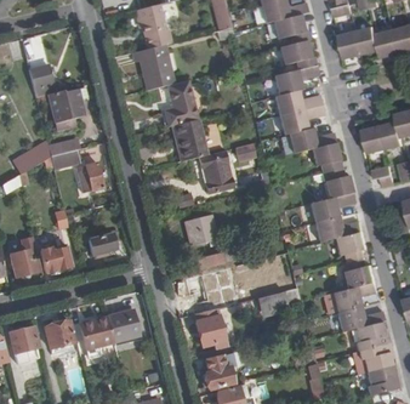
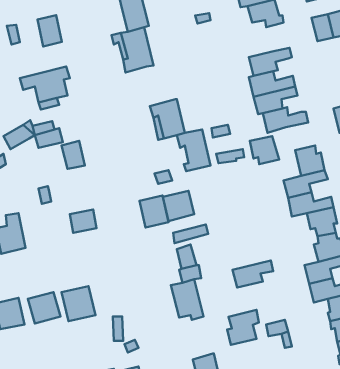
building: [280,39,317,68] -> none
building: [29,63,55,96] -> [37,15,62,46]
building: [164,79,198,125] -> none
building: [313,142,343,171] -> [250,136,279,164]
building: none -> [139,195,169,228]
building: [40,246,73,275] -> none
building: [107,305,141,343] -> none
building: [204,351,237,387] -> [227,310,259,345]

